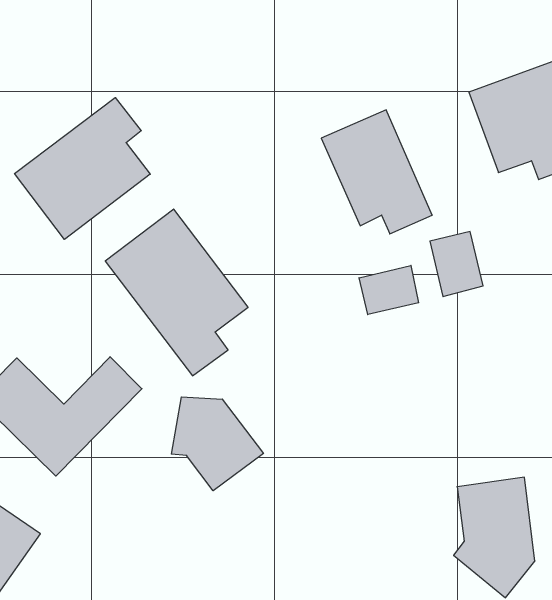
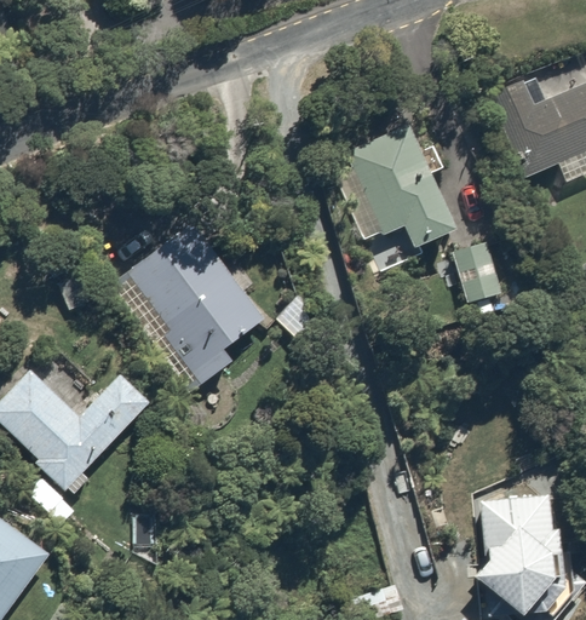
building: [15,98,150,239] -> none
building: [359,265,419,315] -> none
building: [171,397,263,491] -> none

